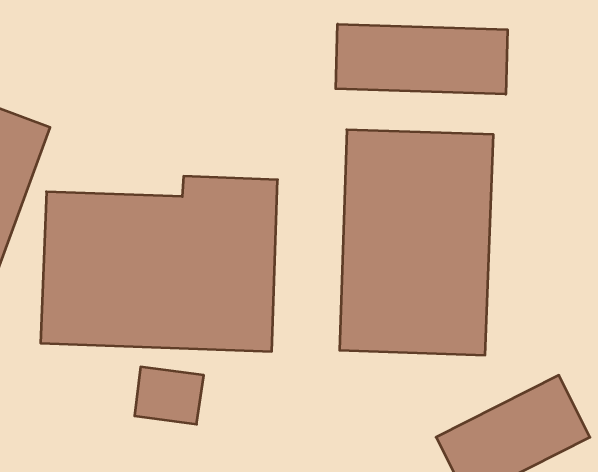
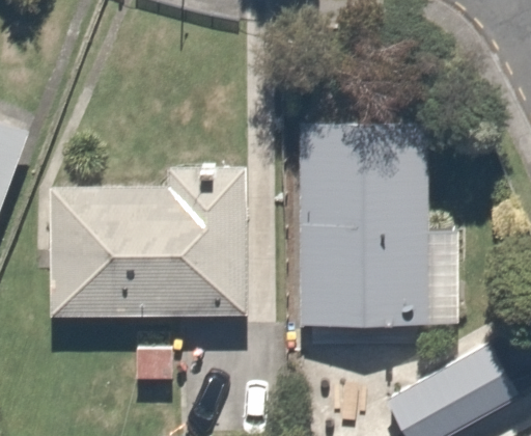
building: [336,24,507,94] -> none

